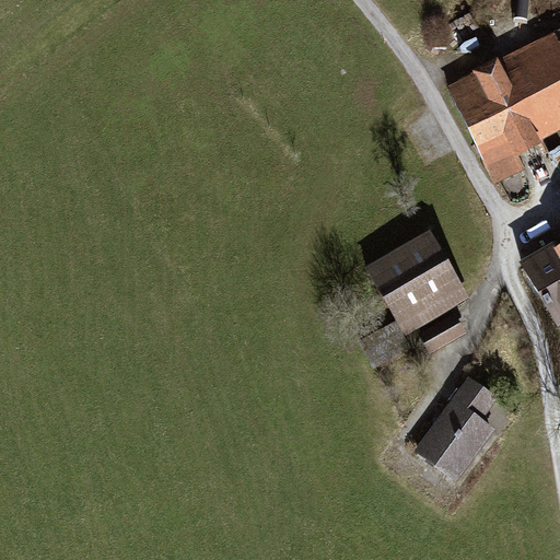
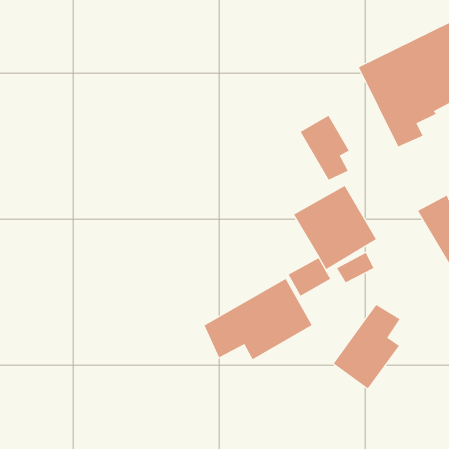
building: none -> [300,115,350,181]
building: none -> [204,278,313,360]

